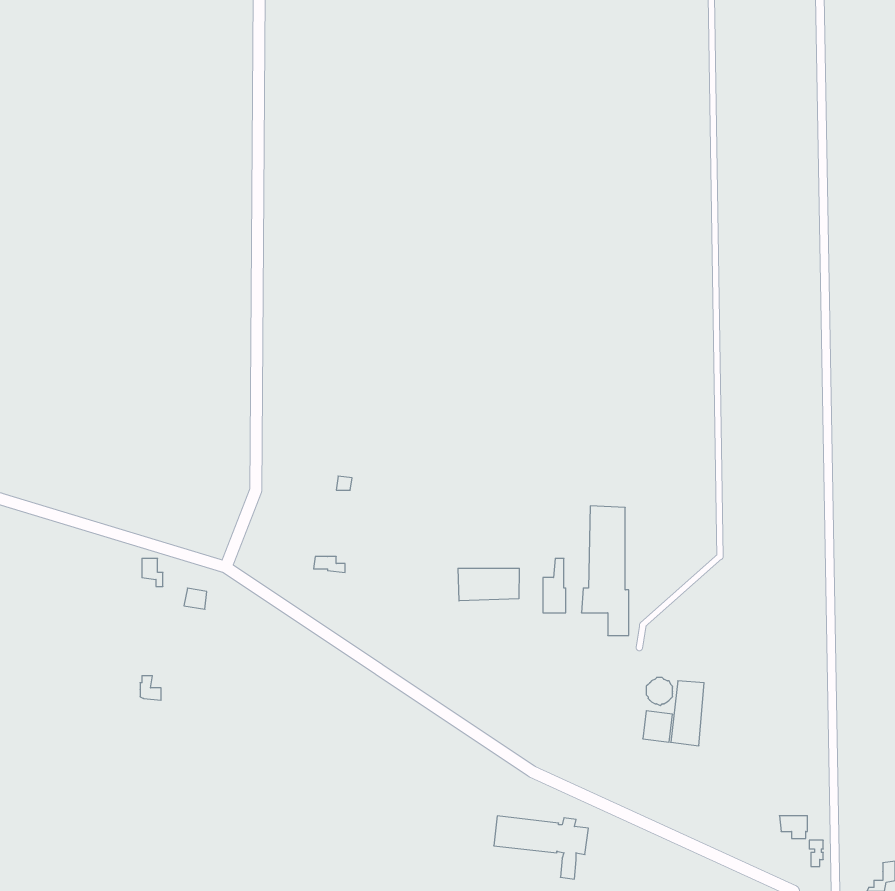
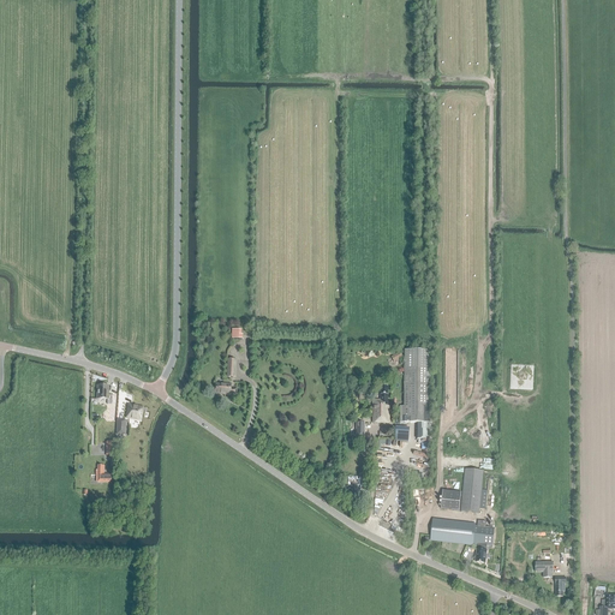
building: [458,568,519,601] -> none
building: [494,816,588,879] -> [430,518,495,561]

